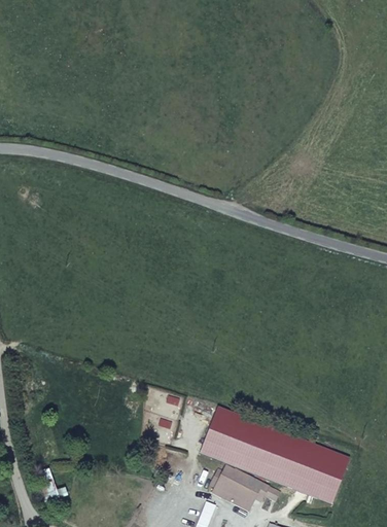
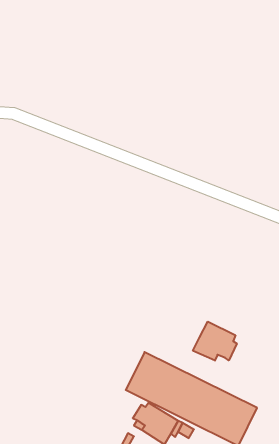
building: none -> [193,322,237,361]

